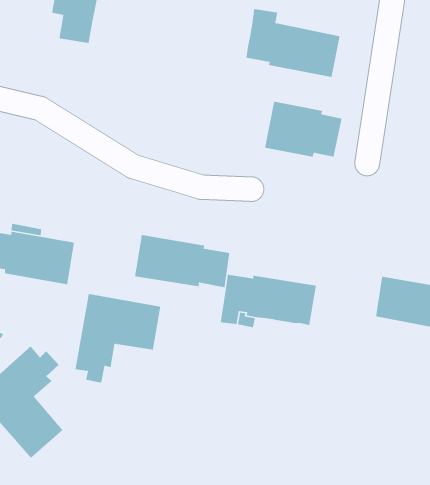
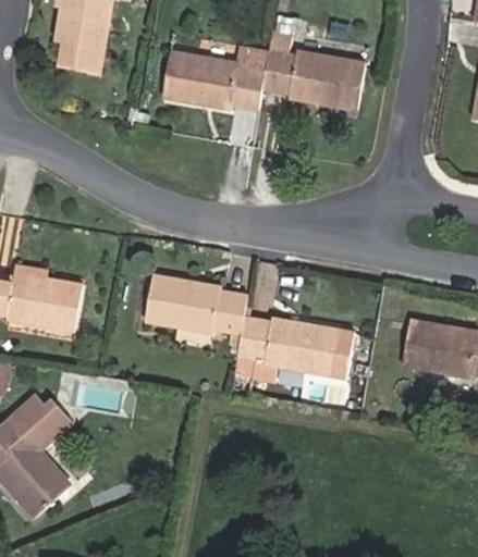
building: none -> [162,52,268,110]
building: [264,101,342,158] -> none
building: [74,293,161,384] -> none

